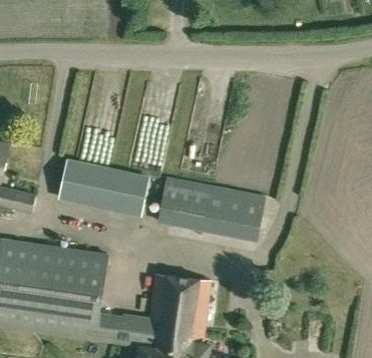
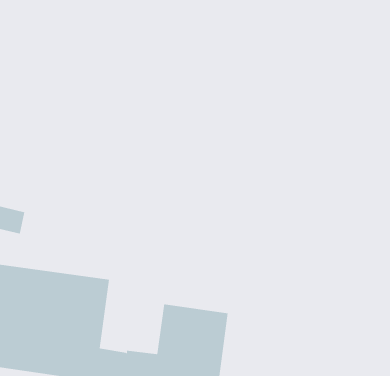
building: [58,159,149,216] -> none
building: [156,178,265,242] -> none

